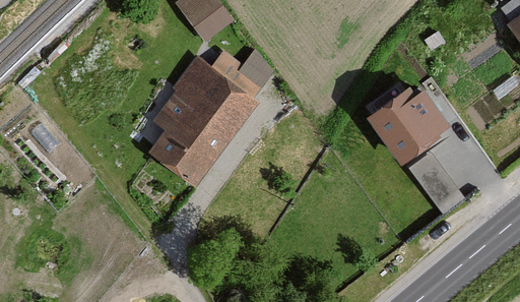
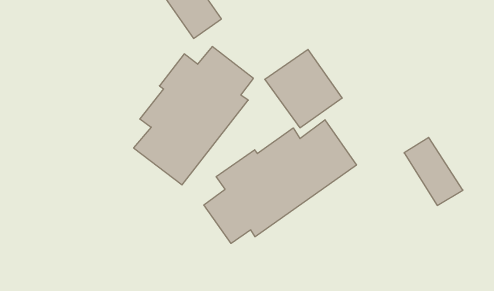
building: [363,85,439,163] -> [265,49,342,128]
building: none -> [204,120,356,243]

